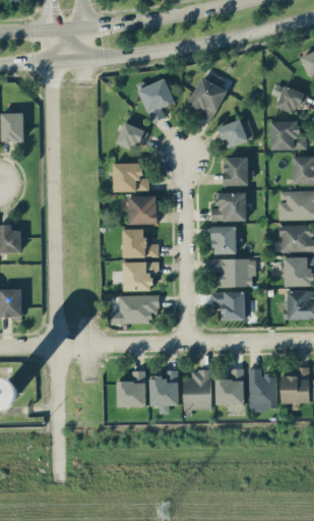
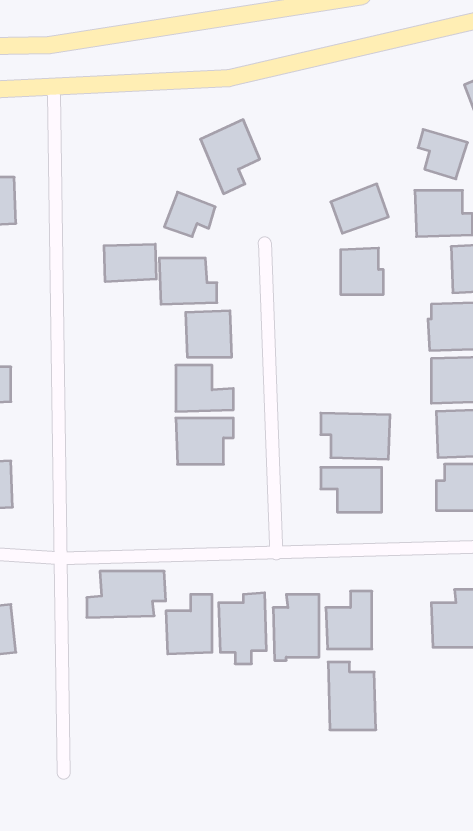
building: [187,72,228,119] -> none
building: none -> [104,244,156,282]
building: [211,191,247,221] -> none
building: [212,226,237,254] -> none
building: [111,295,160,324] -> [87,571,166,617]
building: [248,368,277,410] -> [328,662,376,730]

